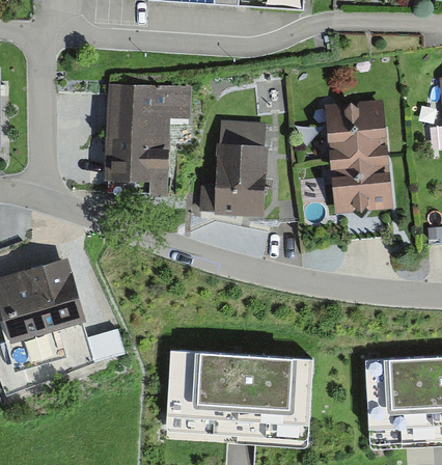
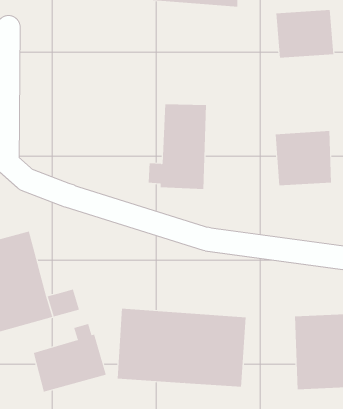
building: [114,85,198,192] -> none
building: [336,98,403,153] -> [275,9,334,58]
building: none -> [33,323,106,392]

